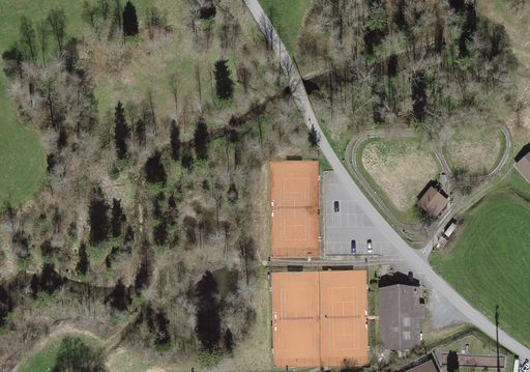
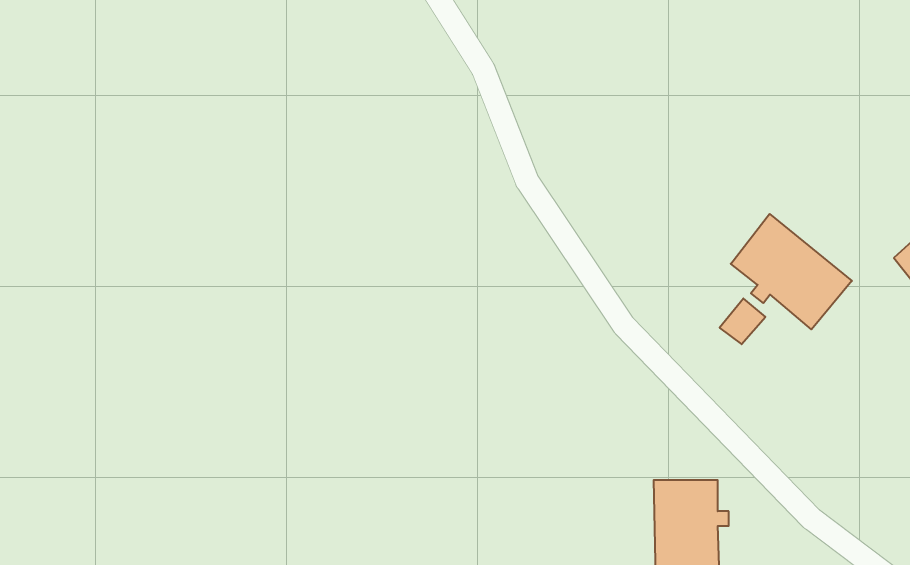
building: none -> [731,214,852,329]

